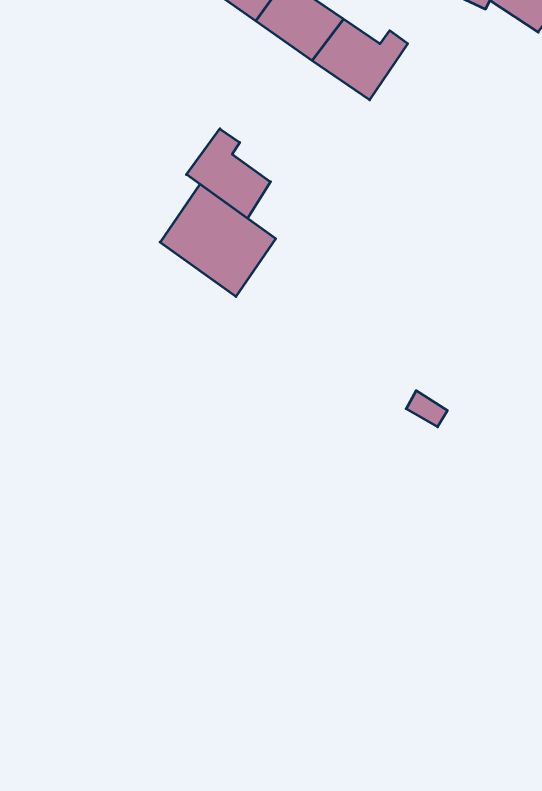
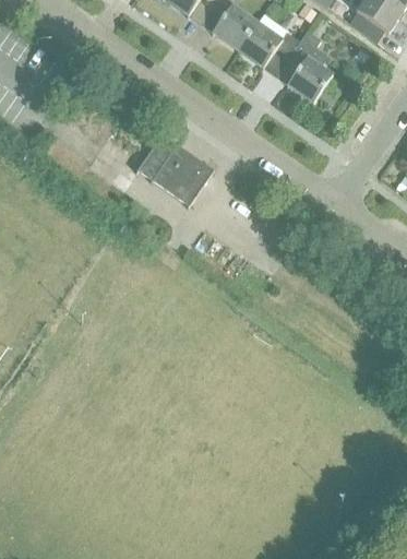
building: none -> [276,29,333,103]
building: [186,129,271,218] -> none

